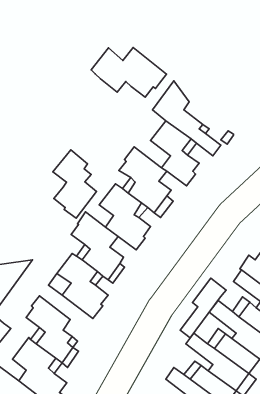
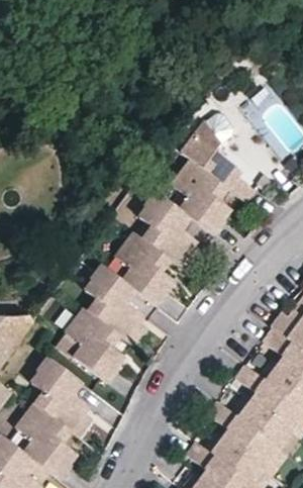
building: [91,48,166,97] -> none
building: [53,150,97,218] -> none
building: [180,278,226,338] -> none

